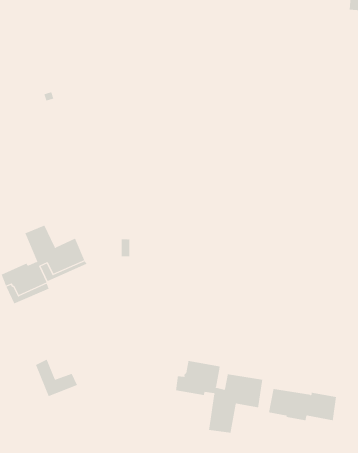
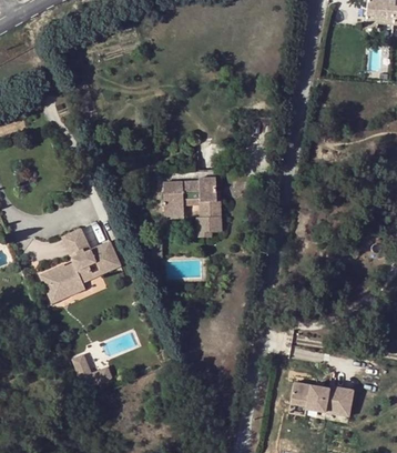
building: none -> [163,177,222,236]
building: [175,360,263,434] -> none

